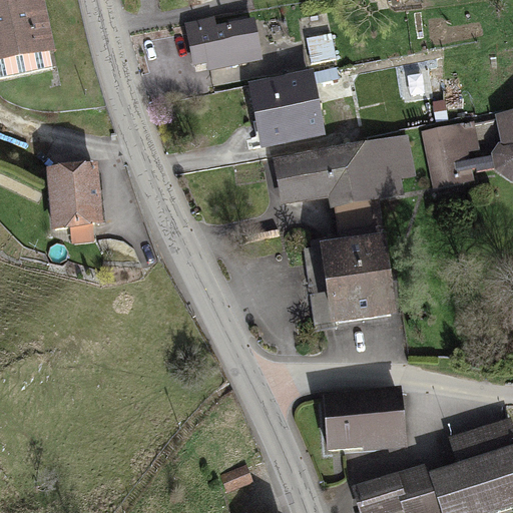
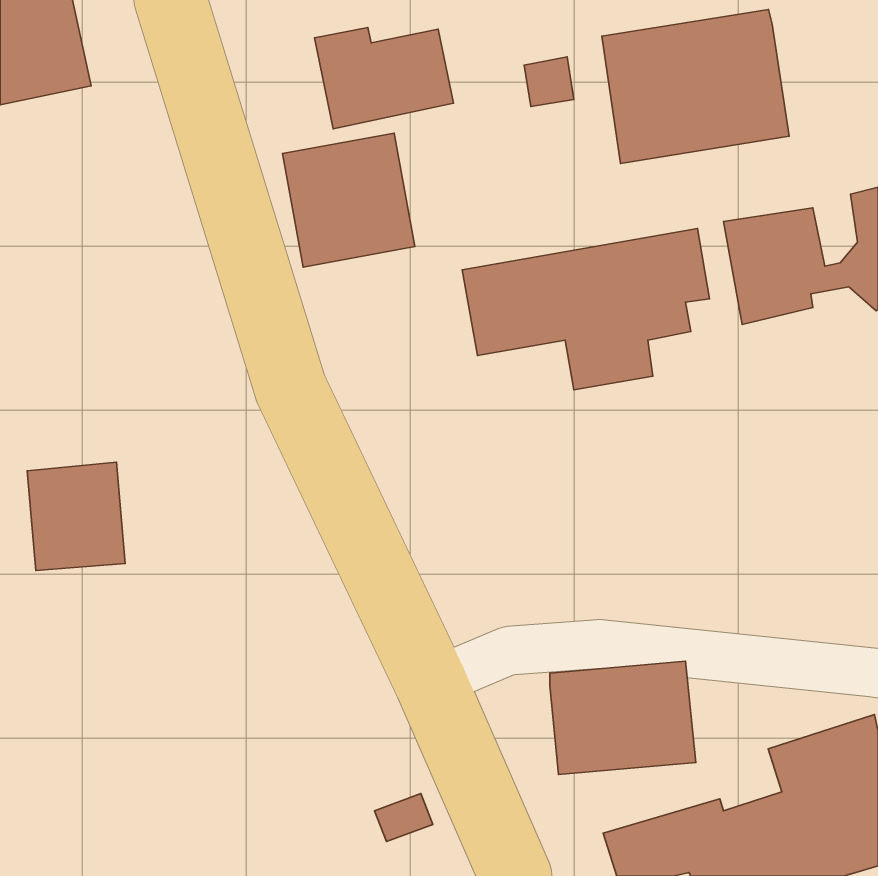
building: none -> [602,9,789,163]
building: [247,69,325,147] -> [283,133,415,267]
building: [46,162,103,225] -> [27,462,125,570]
building: [320,234,394,324] -> none

